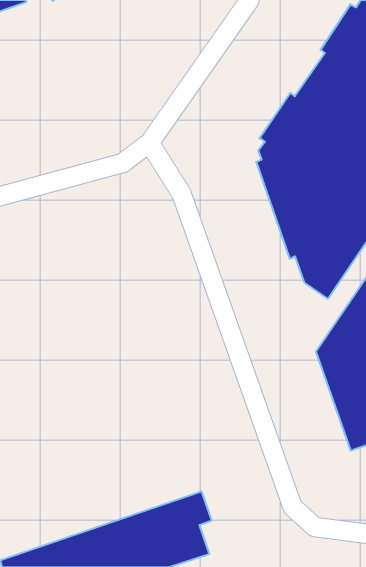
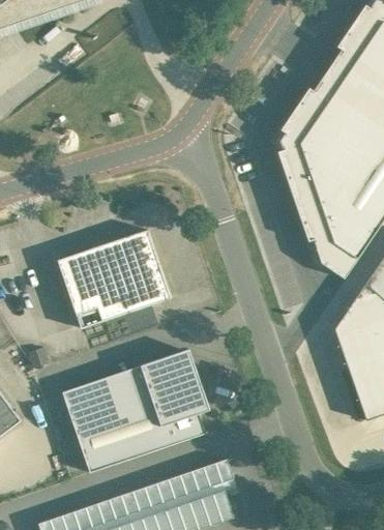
building: none -> [58,229,171,327]
building: none -> [62,350,206,472]

